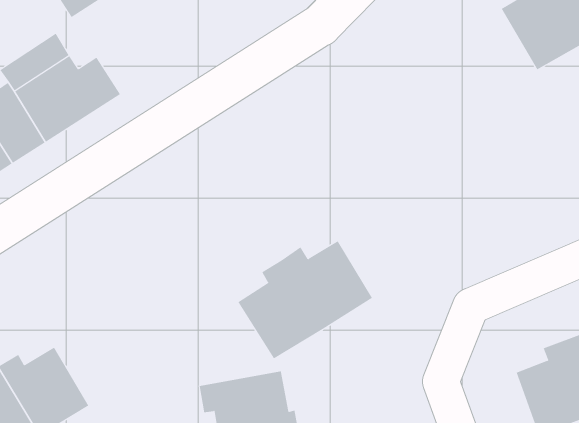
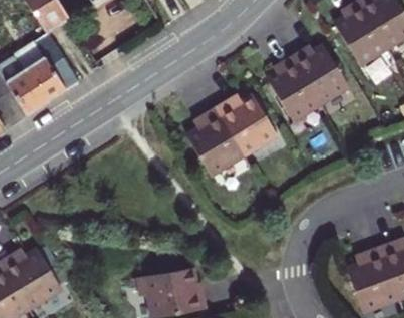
building: none -> [267,46,348,121]
building: [238,241,373,359] -> [186,97,277,177]

